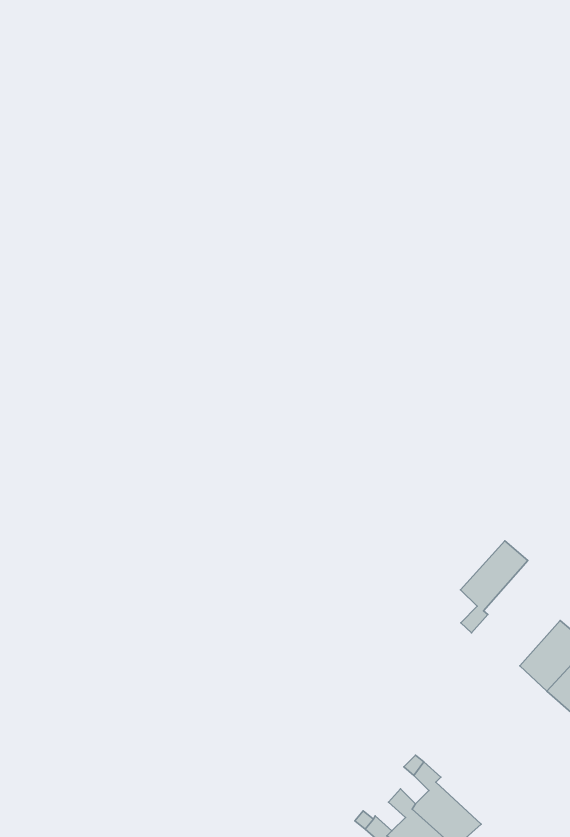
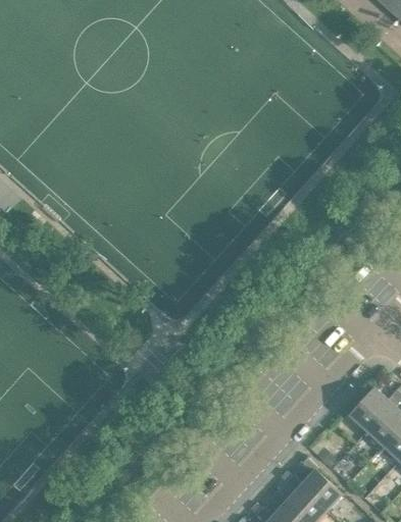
building: [460,541,528,633] -> none
building: none -> [299,458,342,511]

